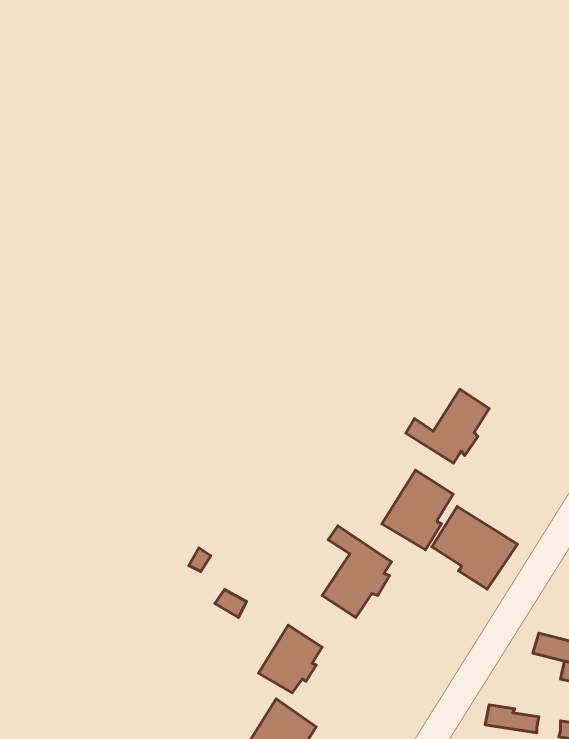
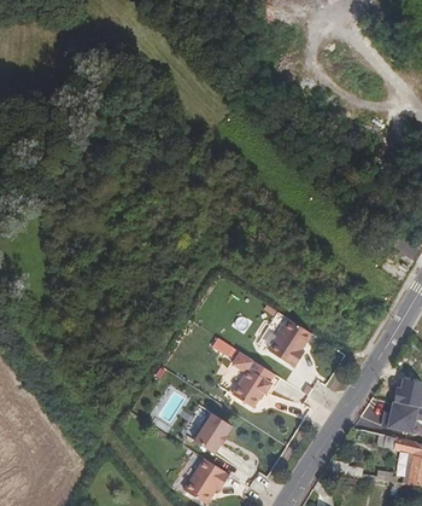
building: [406,389,489,463] -> none
building: [432,506,517,589] -> none

